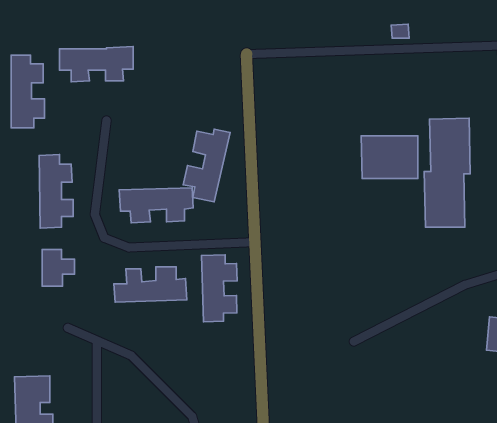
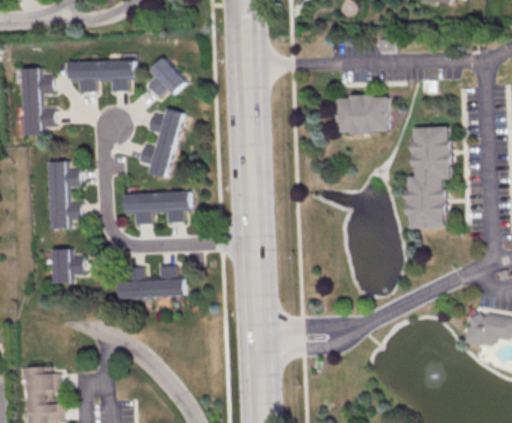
building: none -> [148,57,187,96]
building: [183,129,230,202] -> [139,109,183,177]
building: [361,136,418,179] -> [337,94,390,134]
building: [201,255,237,322] -> none

